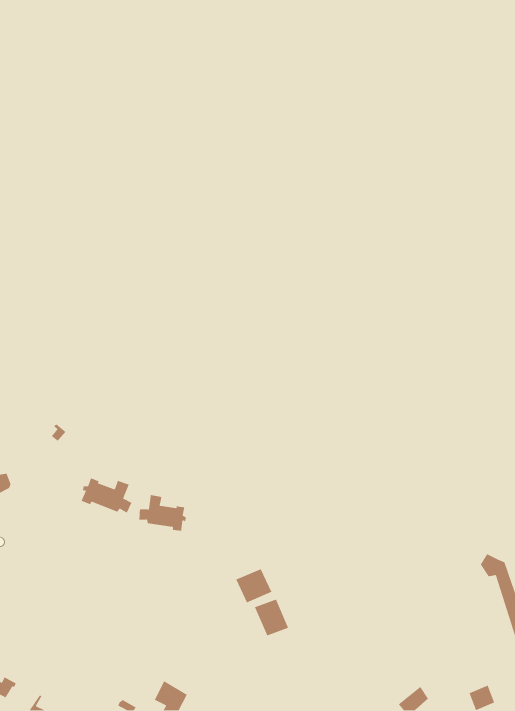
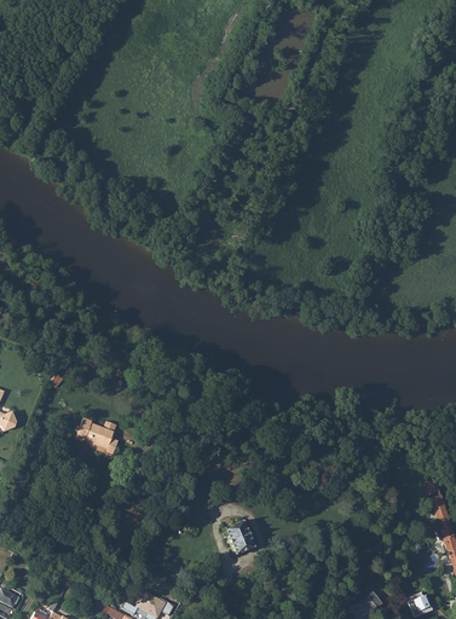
building: [139,494,187,531] -> none
building: [235,568,272,603] -> none

